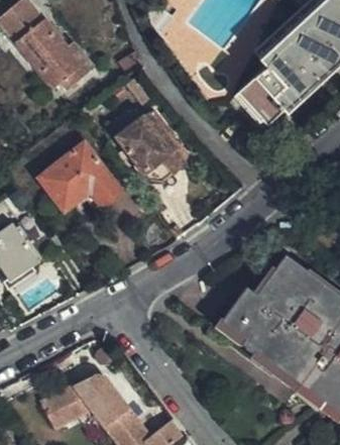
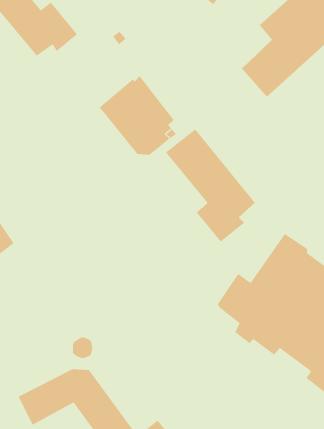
building: [37,144,119,209] -> none
building: none -> [165,129,255,242]

